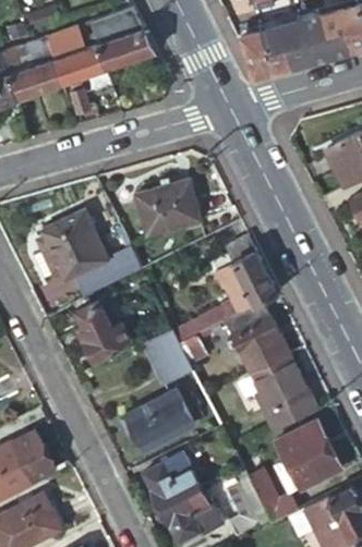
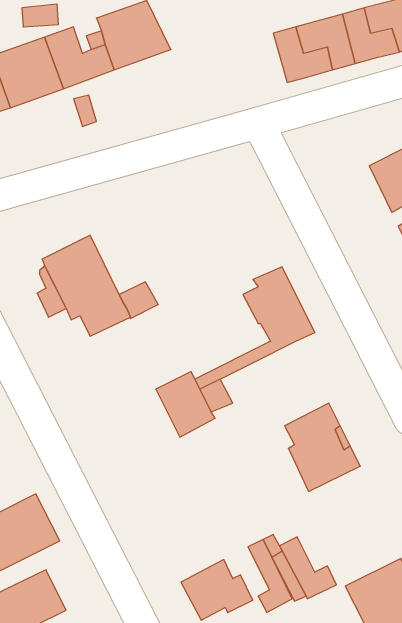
building: [136,179,200,234] -> none
building: [74,294,129,360] -> none
building: [224,301,289,374] -> none
building: [121,391,192,453] -> none
building: [277,421,342,491] -> none
building: [144,455,198,509] -> none

